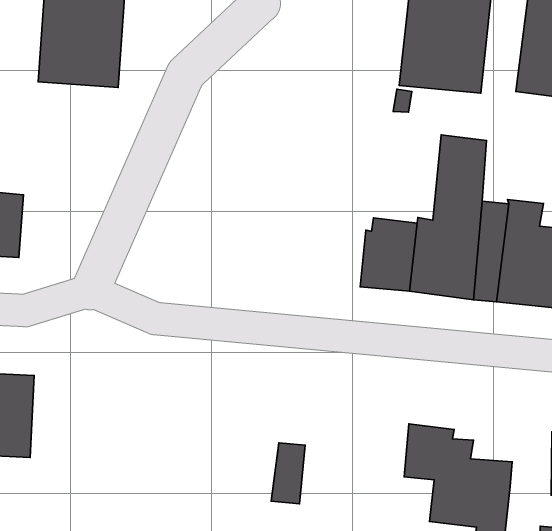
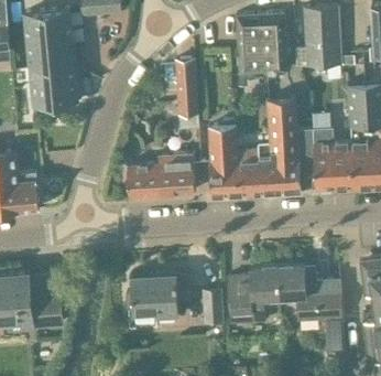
building: none -> [177,56,198,119]
building: none -> [208,122,237,195]
building: none -> [128,154,195,198]
building: none -> [126,273,189,316]
building: none -> [228,268,279,324]

